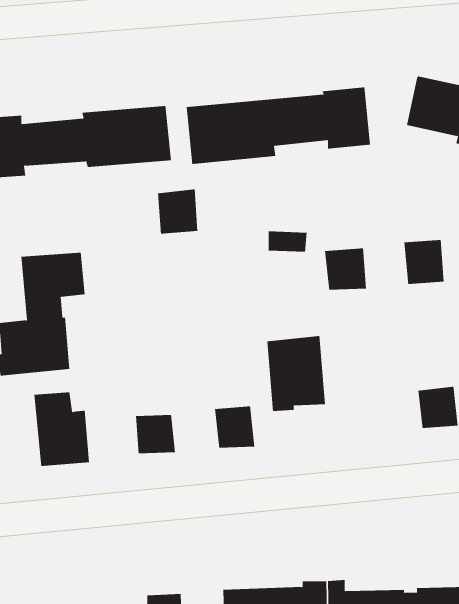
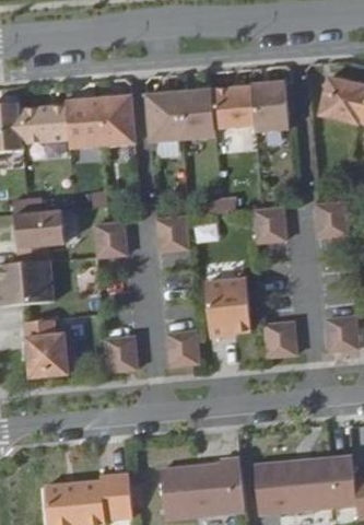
building: [157,189,198,234] -> [156,215,188,250]
building: none -> [94,222,127,257]
building: none -> [263,320,296,352]

